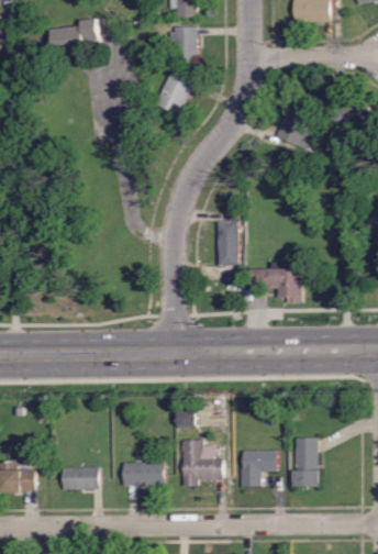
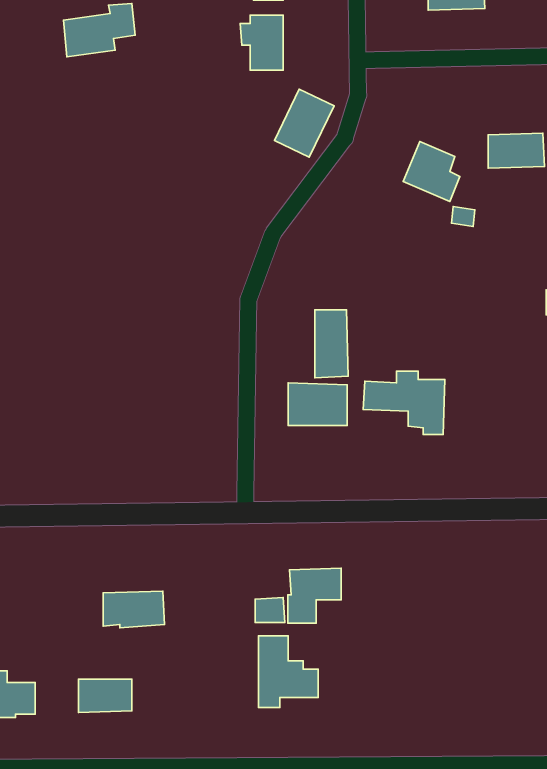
building: [155,70,194,115] -> [274,89,334,157]
building: none -> [288,383,347,426]
building: [292,436,319,484] -> none
building: [241,448,276,485] -> [288,568,341,623]
building: [122,461,163,485] -> [103,591,165,628]

